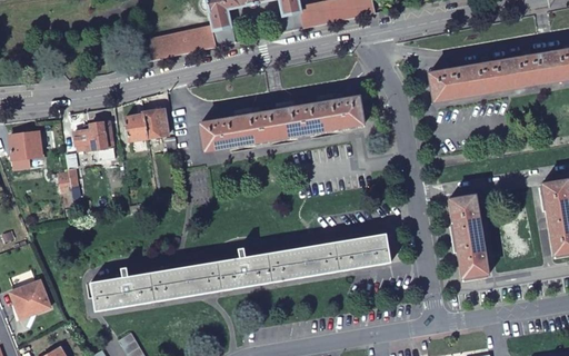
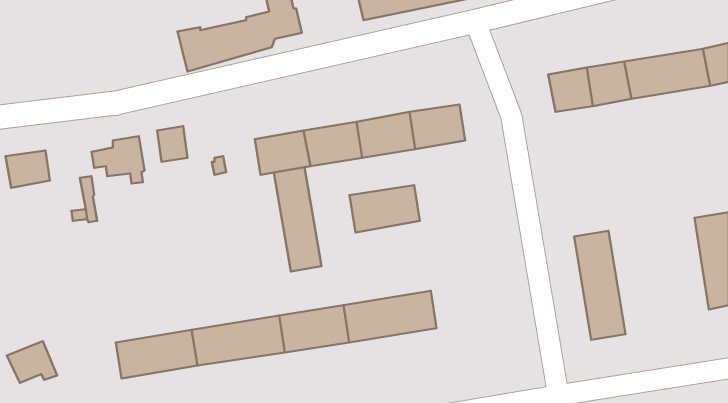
building: [142,108,168,138] -> none
building: none -> [274,167,321,272]
building: [336,234,390,270] -> [350,185,420,232]

